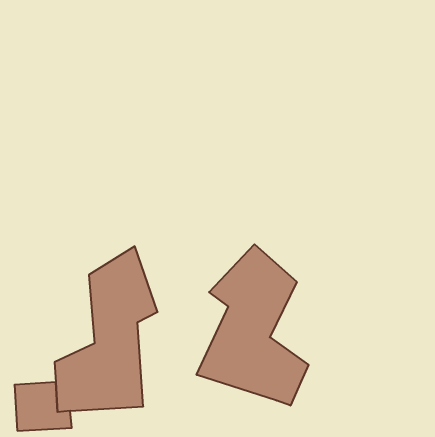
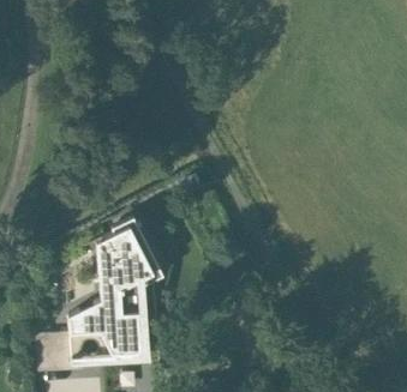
building: [197,244,309,406] -> none

